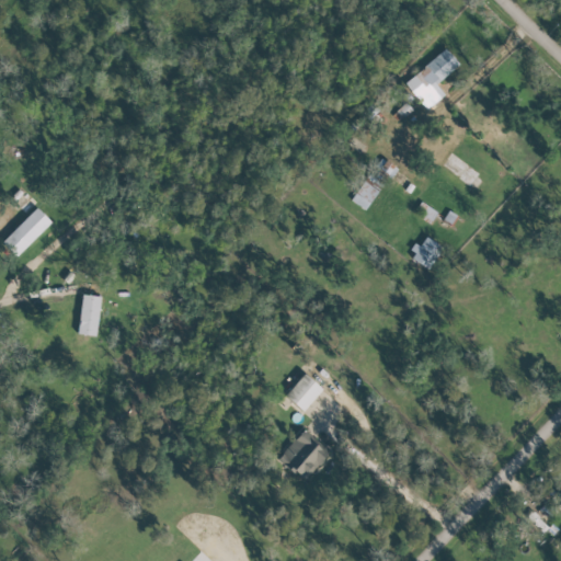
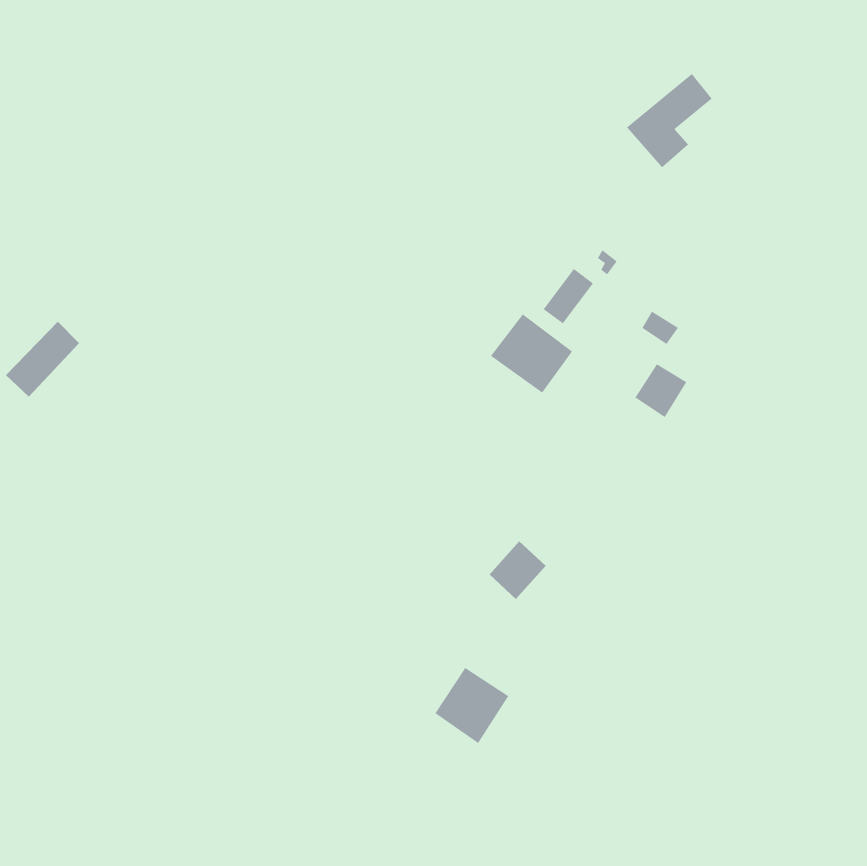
building: none -> [490,314,573,393]
building: [78,294,101,335] -> none
building: [287,373,324,411] -> [489,540,546,600]

